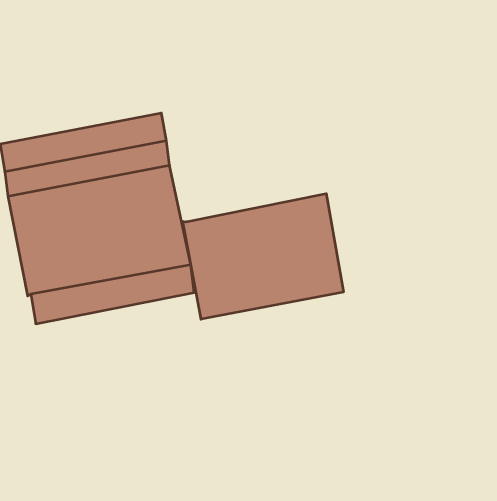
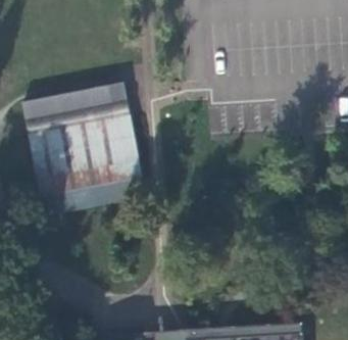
building: [183,194,343,319] -> none

